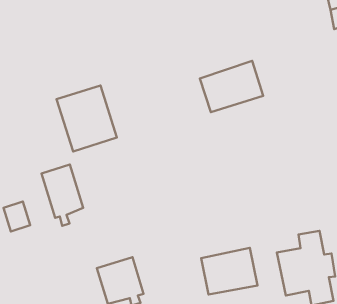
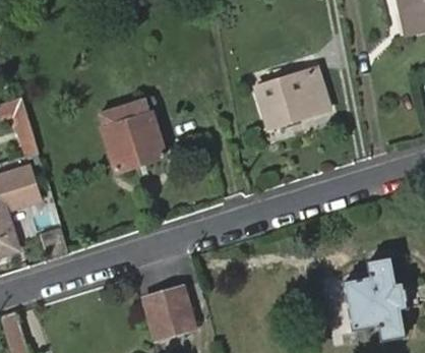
building: [41,165,83,226] -> none
building: [201,248,257,295] -> none

